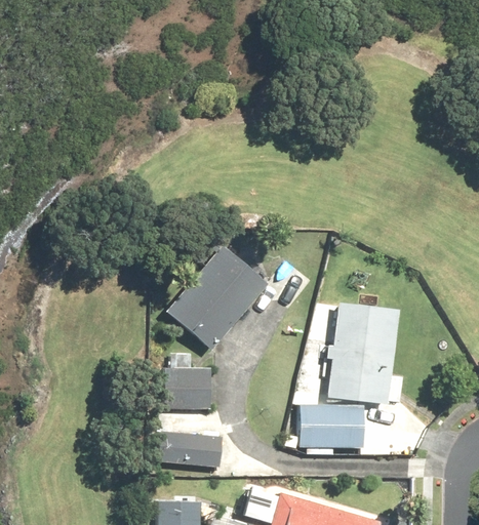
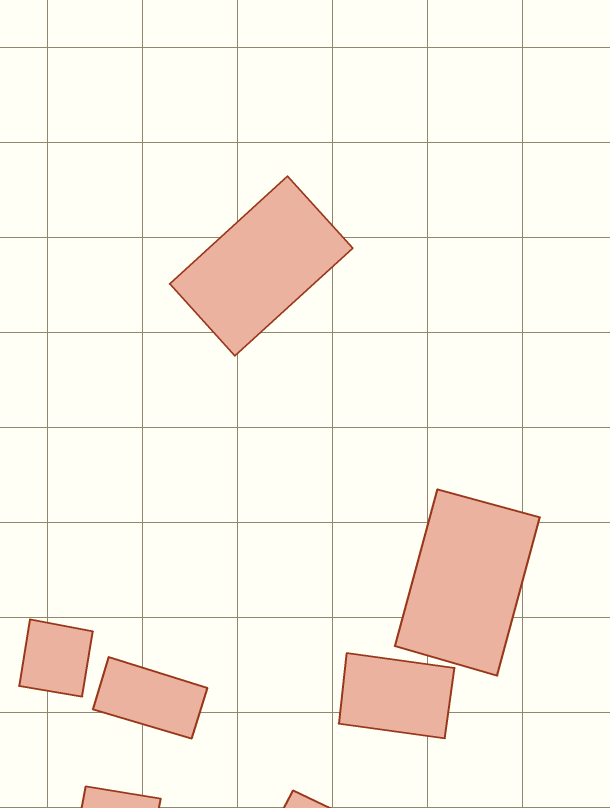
building: [165,240,270,350] -> [170,176,353,356]
building: [172,368,211,409] -> [19,619,93,696]

